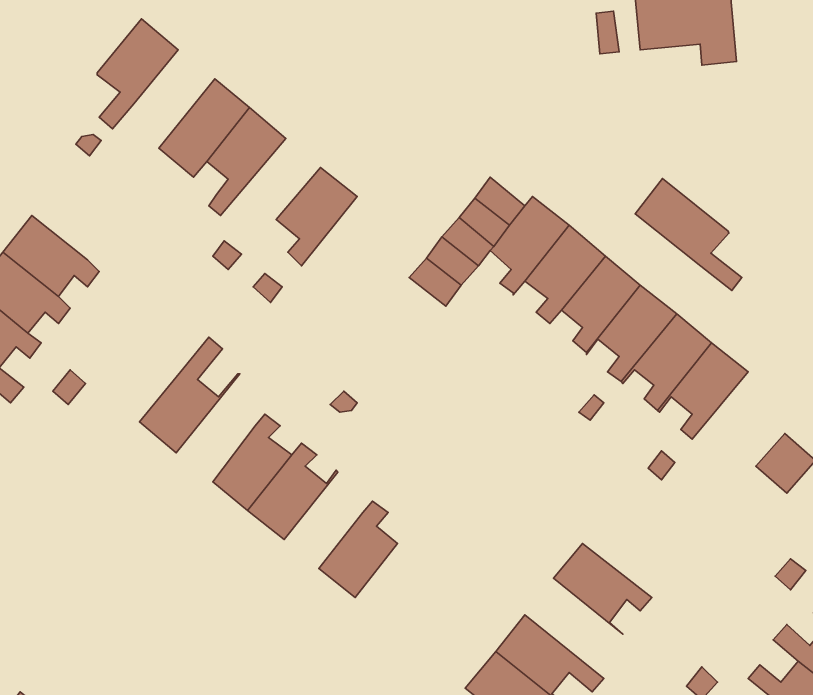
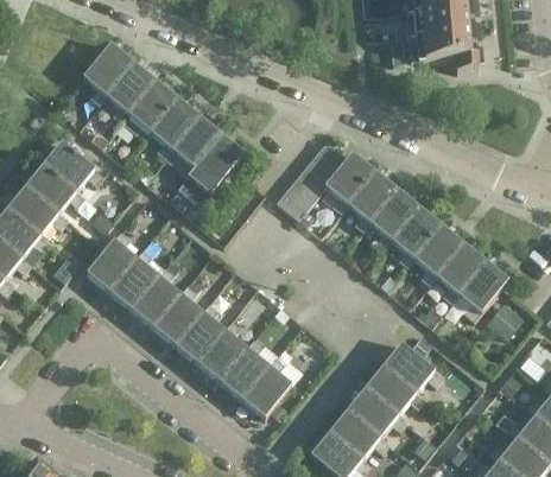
building: none -> [106,62,156,122]
building: none -> [159,116,221,176]
building: [635,179,742,291] -> none
building: none -> [43,141,109,191]
building: none -> [87,231,137,291]
building: none -> [450,260,507,320]
building: none -> [132,261,180,327]
building: none -> [198,310,247,381]
building: none -> [382,342,443,399]
building: none -> [242,357,303,418]
building: none -> [347,387,407,449]

